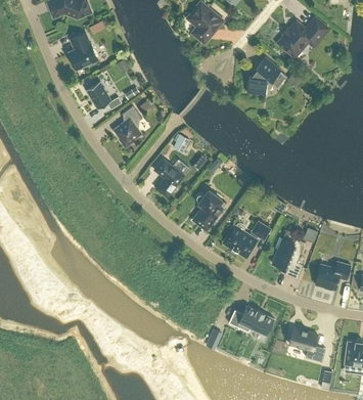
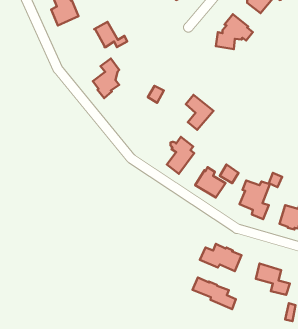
building: [86,81,122,108] -> [94,22,127,47]
building: [154,158,184,195] -> [186,95,213,130]
building: none -> [193,278,236,309]

